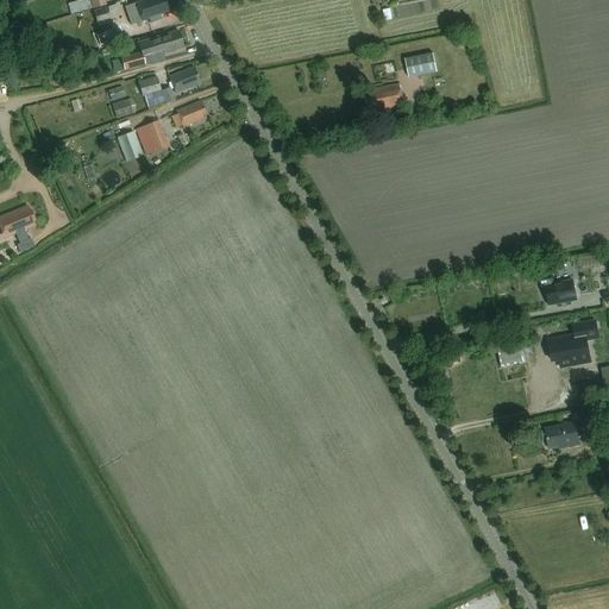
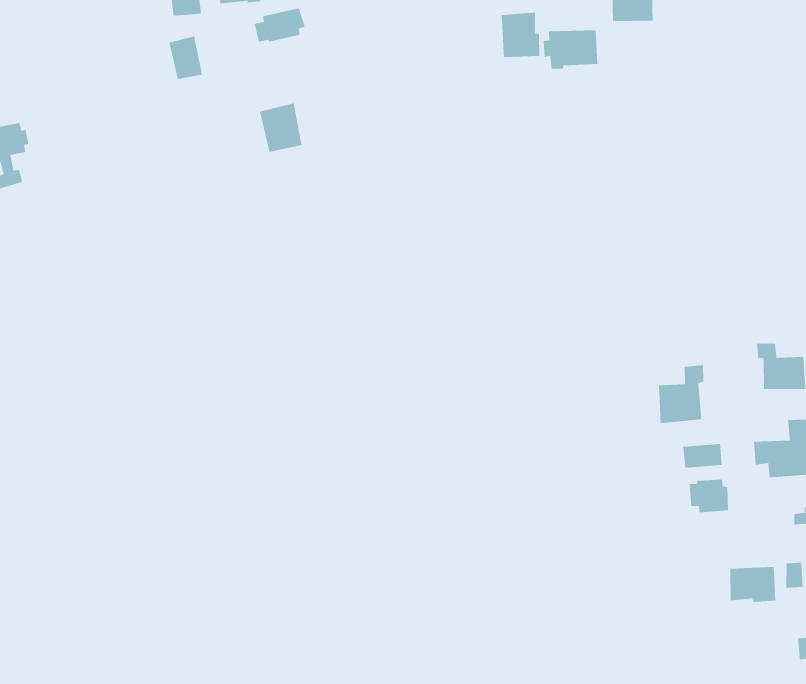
building: none -> [501,12,540,58]
building: [136,119,168,155] -> [259,103,302,152]
building: none -> [658,365,704,424]
building: none -> [689,479,729,513]

